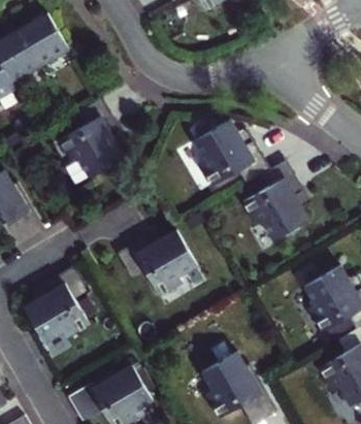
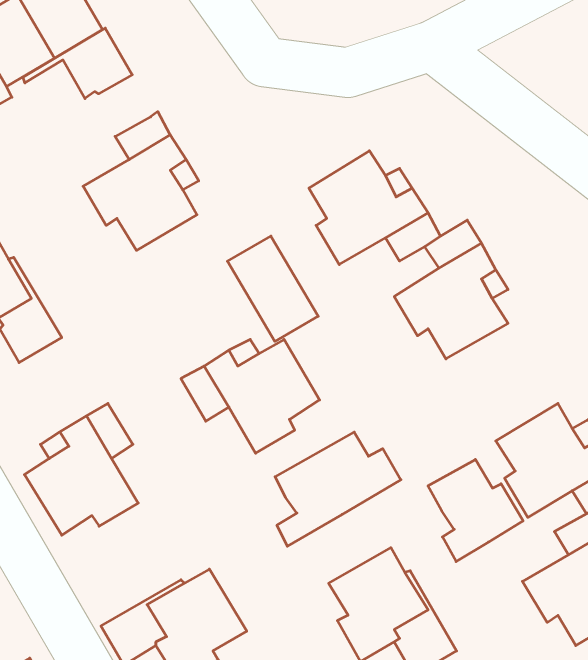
building: none -> [23,28,132,99]
building: none -> [227,236,318,341]
building: none -> [275,432,401,546]
building: none -> [428,459,523,562]

